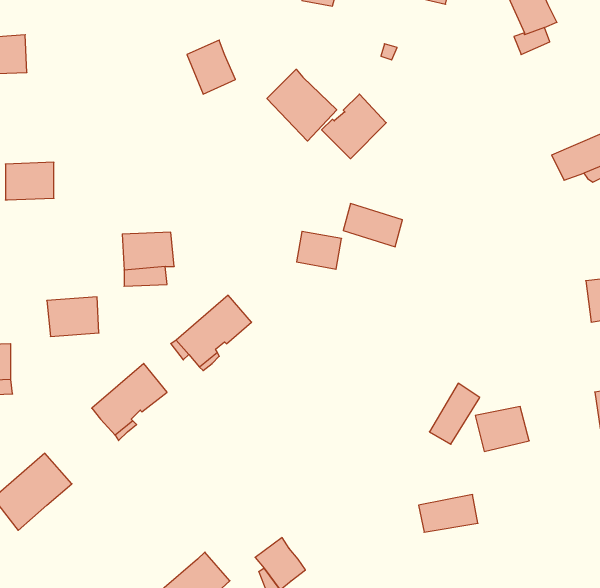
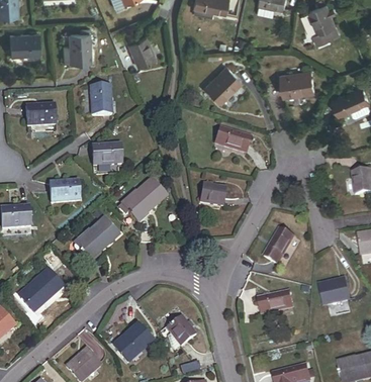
building: none -> [64,31,91,61]
building: [267,69,337,141] -> none
building: none -> [282,70,314,96]
building: none -> [89,85,112,114]
building: [297,231,342,269] -> [200,183,225,204]
building: [475,407,529,451] -> [319,279,350,304]

